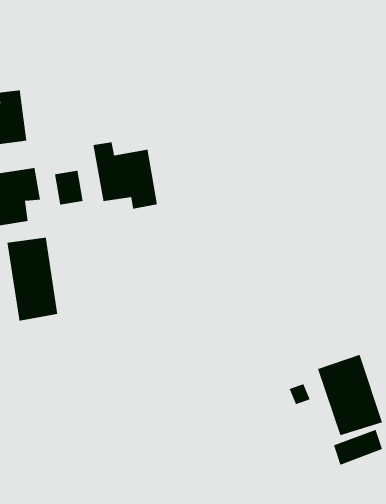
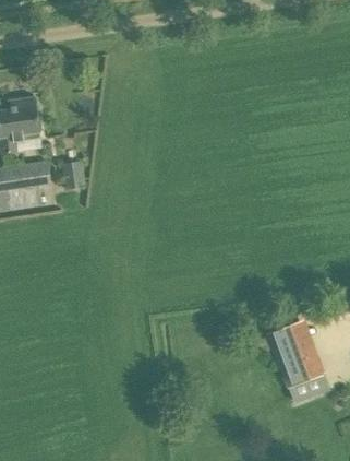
building: [93,142,157,209] -> none
building: [7,237,58,322] -> none

